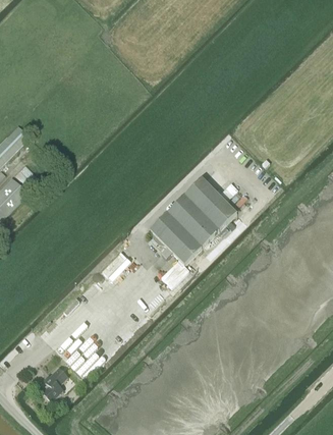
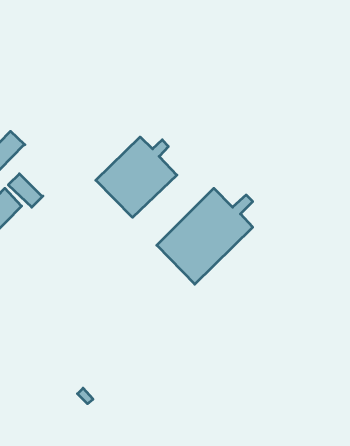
building: none -> [96,137,177,217]
building: [43,368,67,401] -> none

